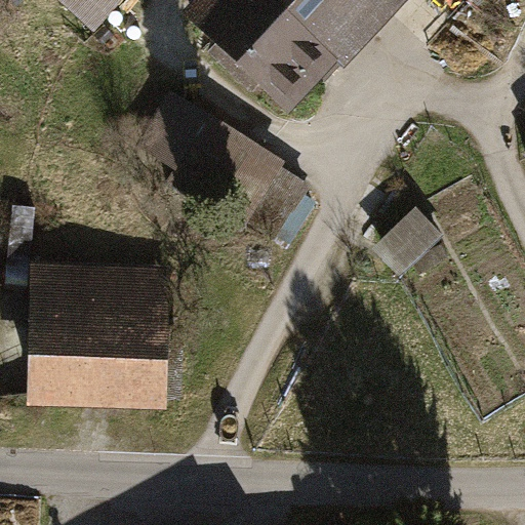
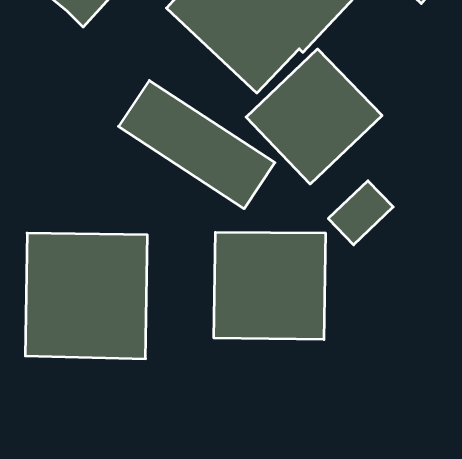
building: none -> [246,49,382,184]
building: none -> [214,232,325,340]

